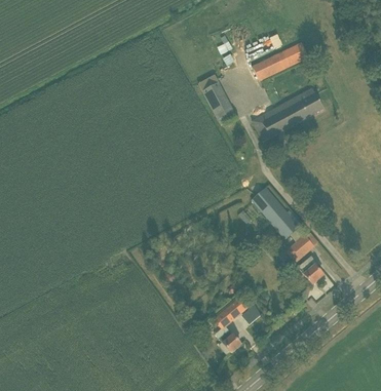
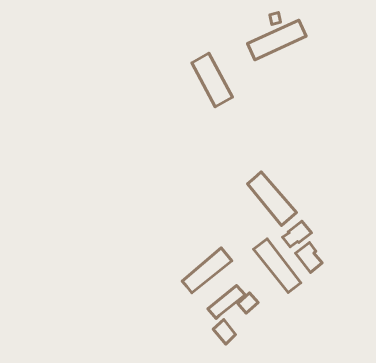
building: [252,93,325,141] -> none
building: none -> [254,239,301,293]
building: none -> [182,248,232,293]

